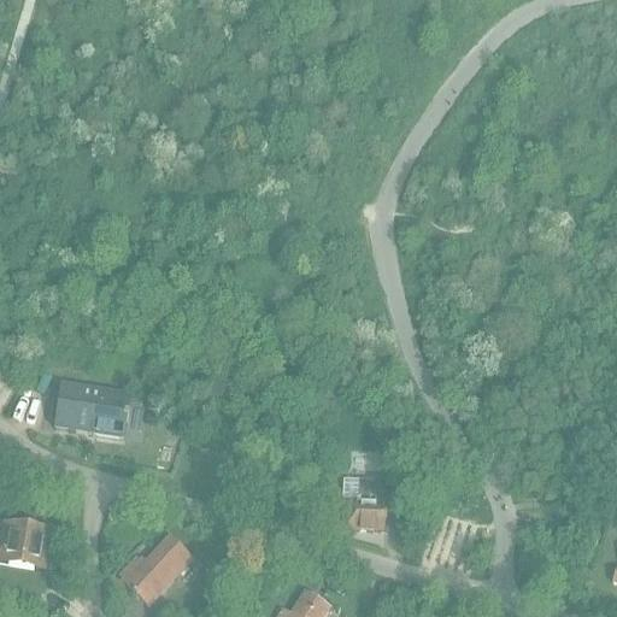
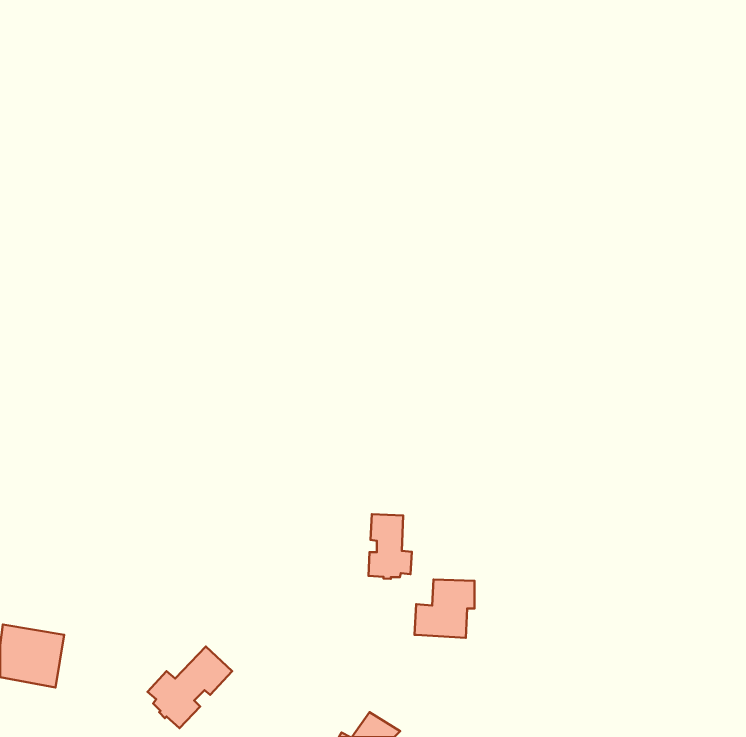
building: [54,382,128,434] -> none
building: none -> [368,514,412,579]

